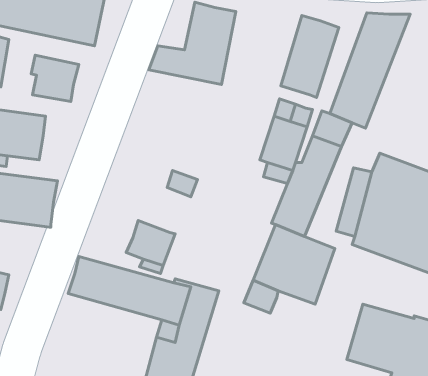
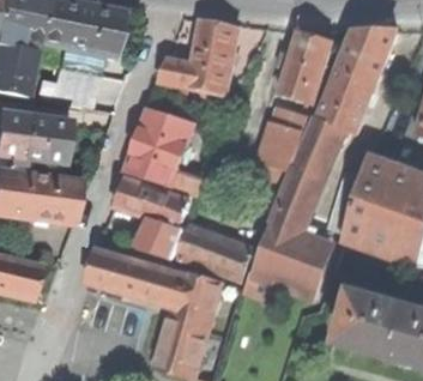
building: none -> [127,110,194,188]
building: none -> [115,180,189,229]
building: none -> [180,229,254,280]

